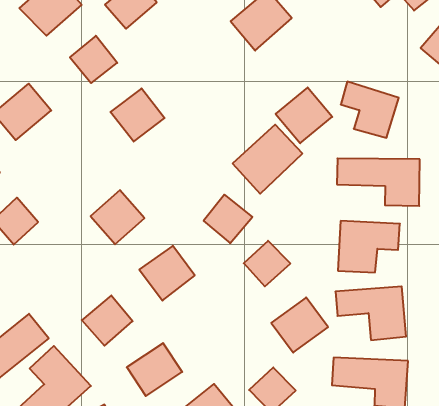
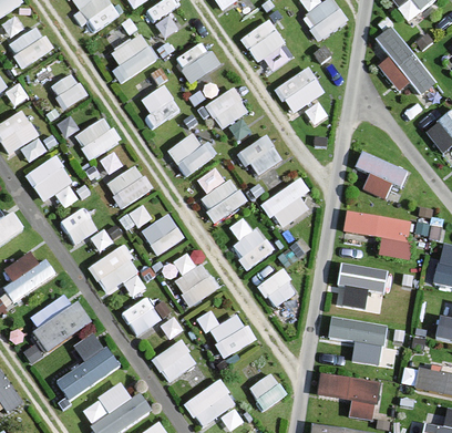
building: none -> [205,87,248,130]
building: [276,87,332,143] -> [238,135,284,179]
building: none -> [106,165,152,207]
building: none -> [202,182,244,218]
building: none -> [89,245,142,295]
building: [271,297,328,353] -> [209,315,255,358]

